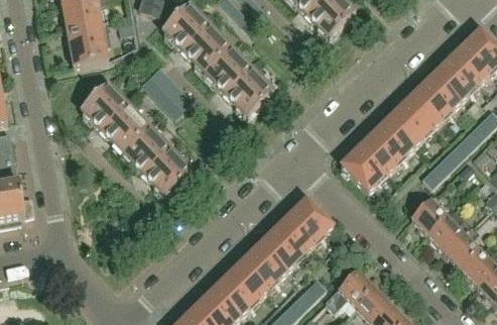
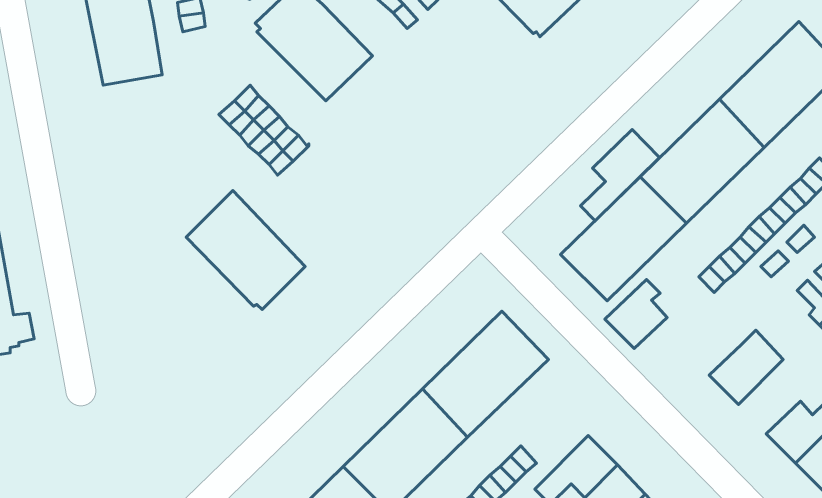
building: [204,47,273,116] -> none
building: [81,83,149,153] -> none
building: none -> [581,129,660,221]
building: [410,194,447,234] -> [605,279,667,348]
building: [445,225,481,268] -> none

